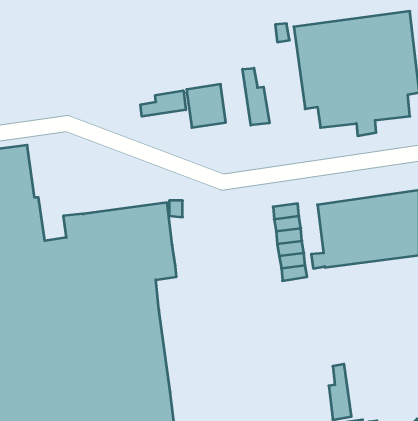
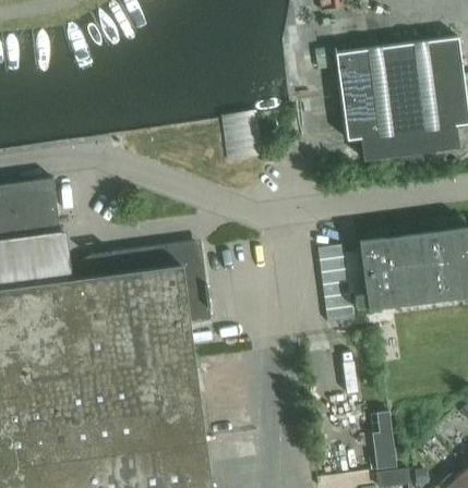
building: [243,68,269,125] -> none
building: [141,91,186,116] -> none

